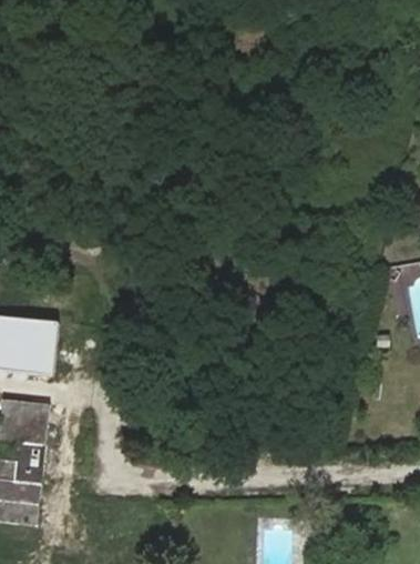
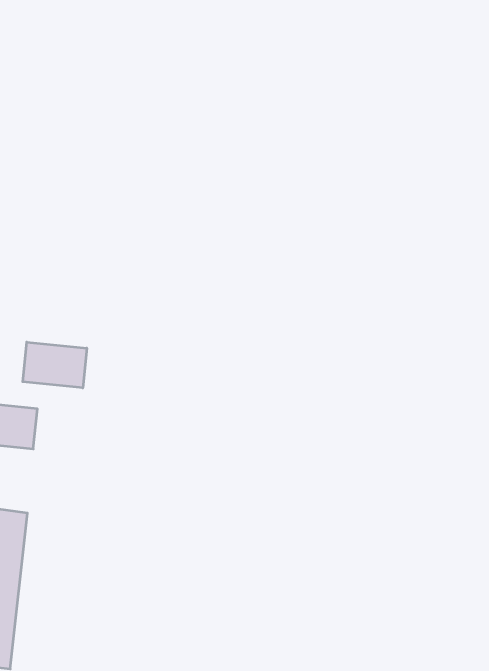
building: none -> [23,342,87,388]

